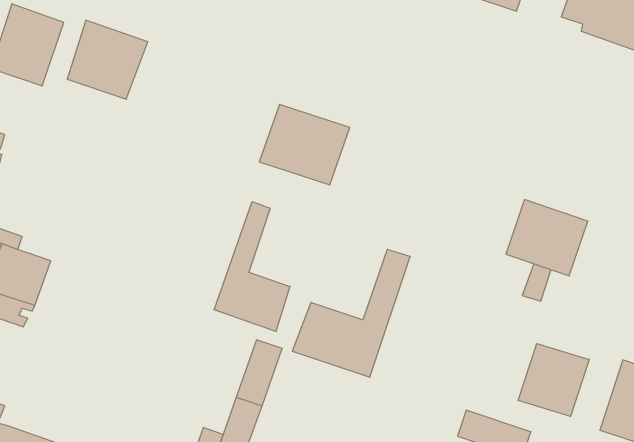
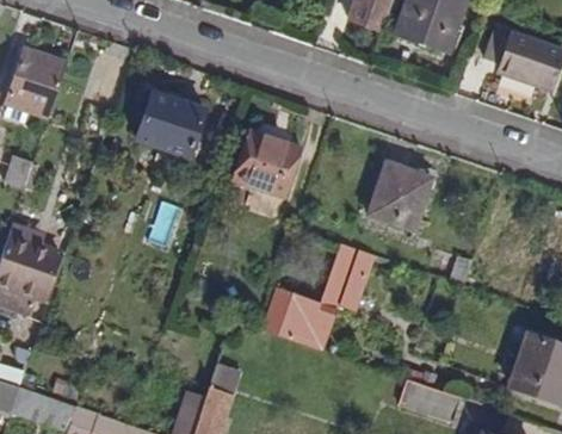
building: [67,20,148,99] -> [142,89,209,155]
building: [506,200,588,276] -> [366,167,434,230]
building: [214,202,290,332] -> none
building: [518,344,589,417] -> none

